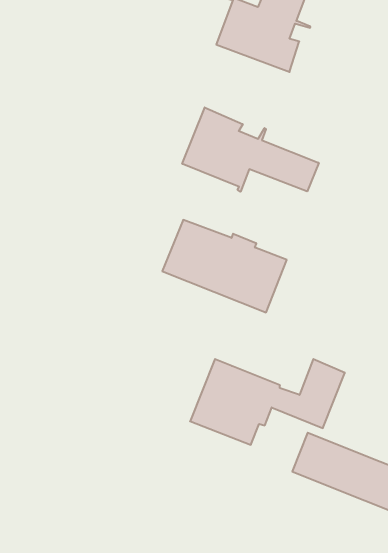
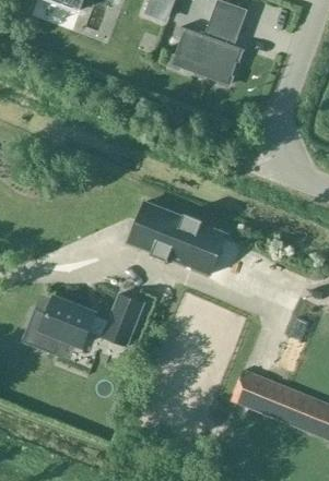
building: [182,107,319,192] -> none
building: [190,359,345,445] -> [24,292,146,360]

